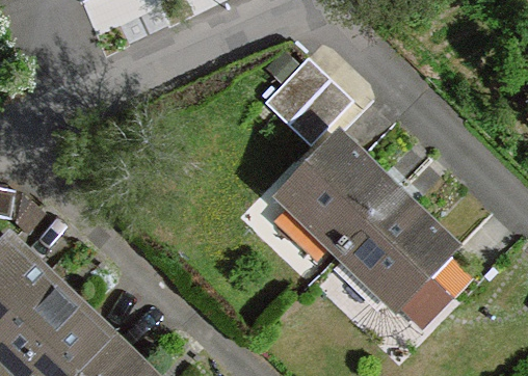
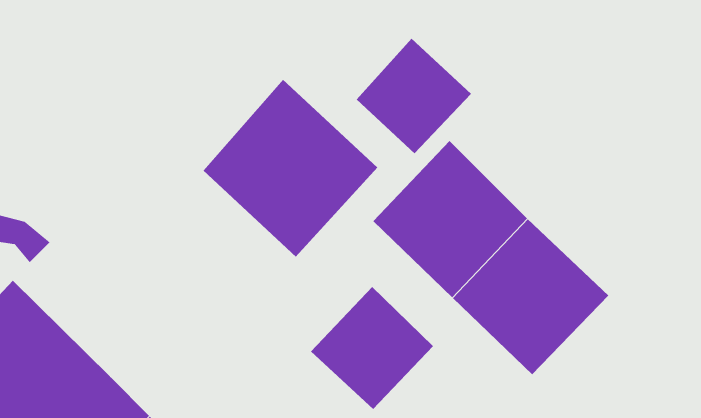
building: none -> [202,79,378,257]
building: none -> [310,286,434,410]

